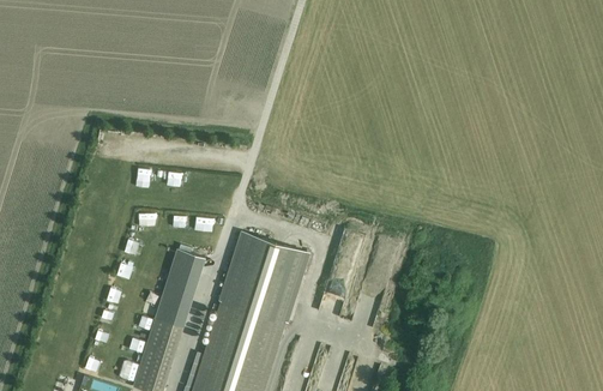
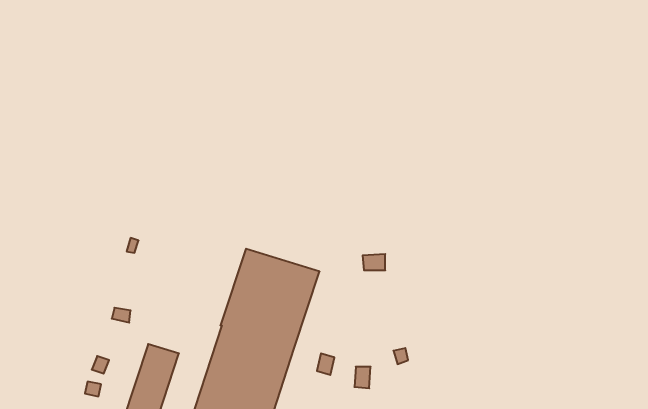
building: [155,249,204,326] -> none

